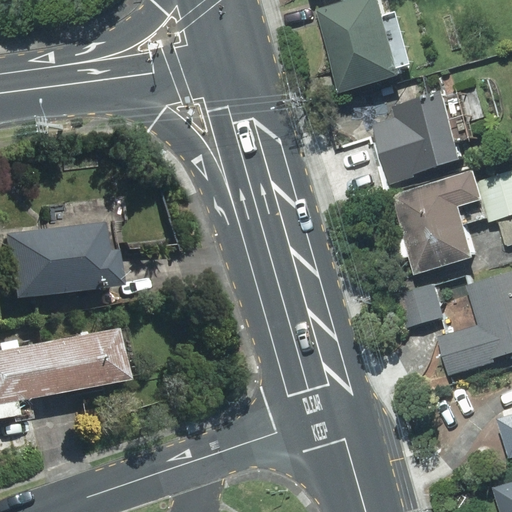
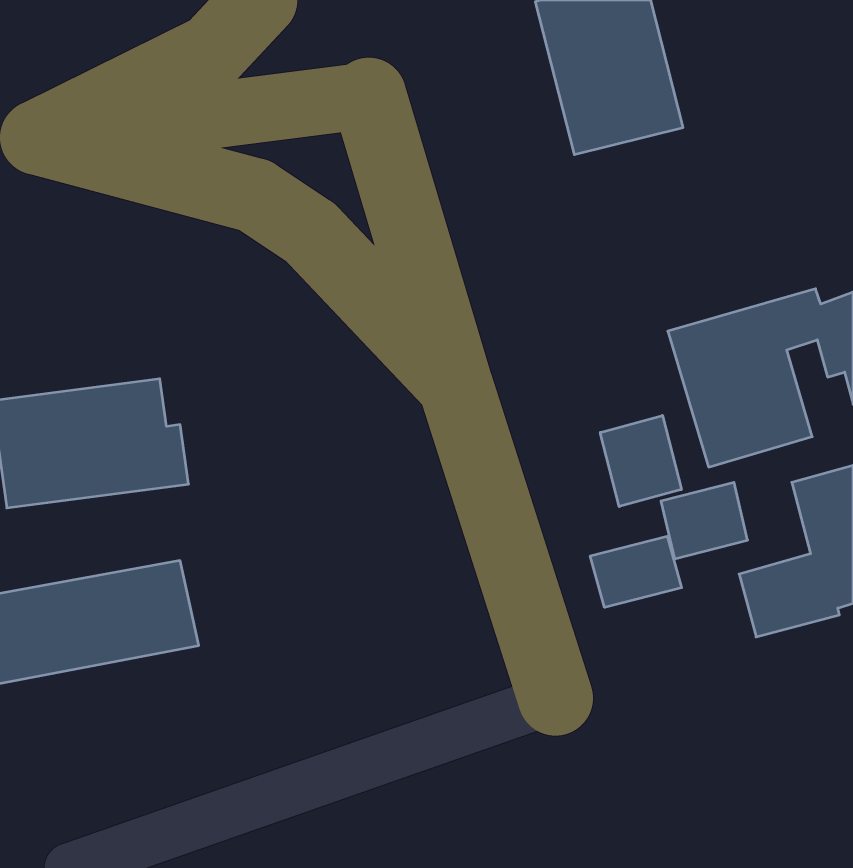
building: [373,91,469,182] -> none
building: none -> [600,415,681,507]
building: none -> [590,536,682,607]

